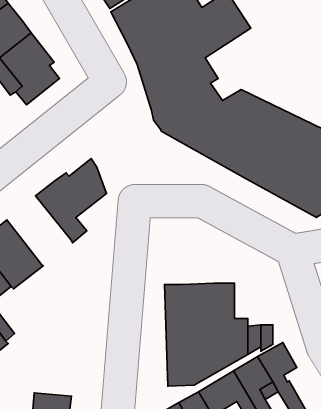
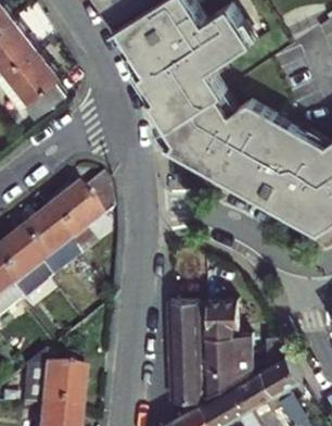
building: none -> [12,213,76,281]
building: none -> [21,356,79,412]

